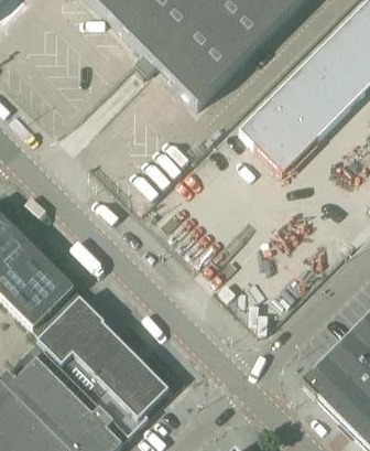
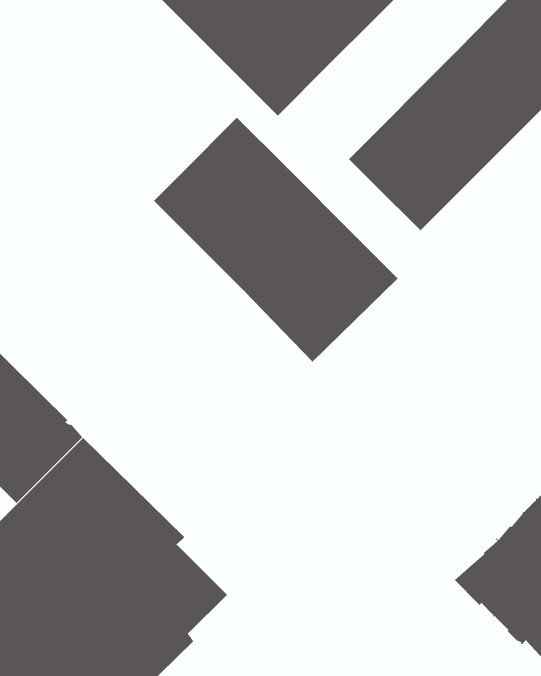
building: none -> [153,117,398,363]

